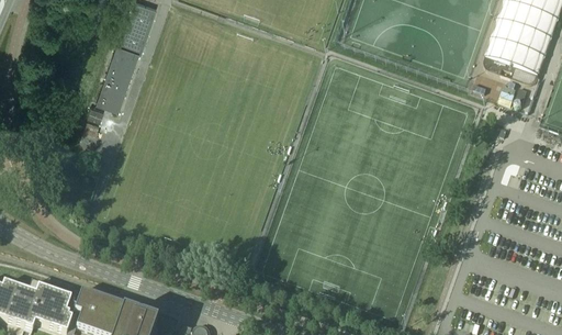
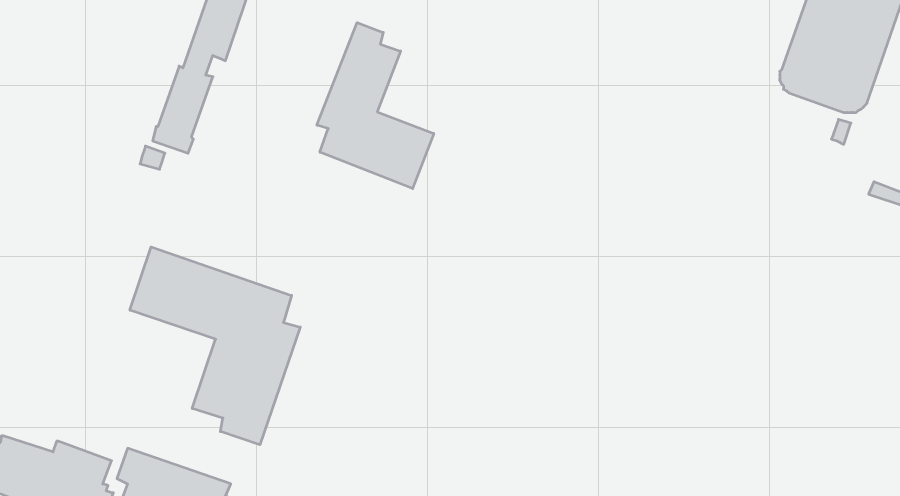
building: none -> [317,23,434,189]
building: none -> [130,247,300,445]

